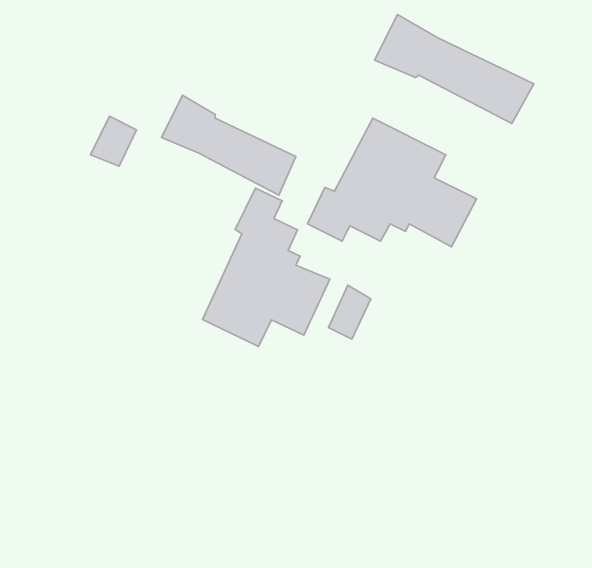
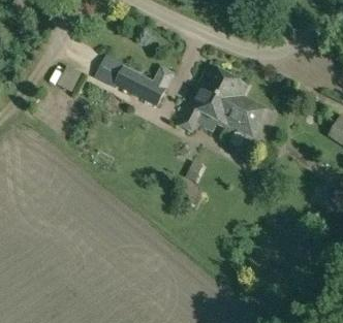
building: [375,14,534,124] -> none
building: [202,188,330,346] -> none

